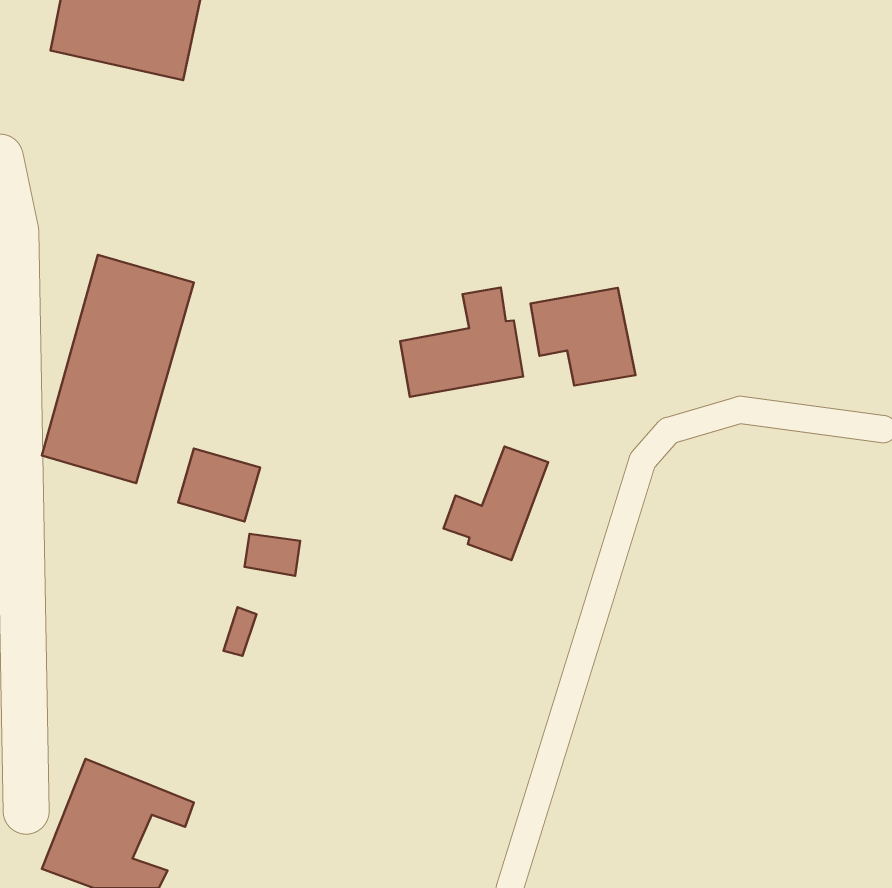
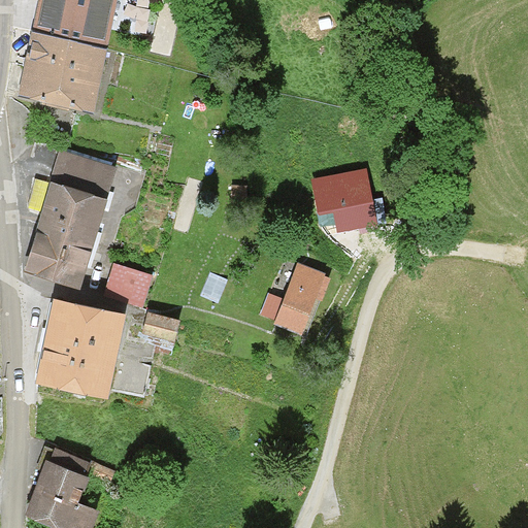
building: none -> [15,30,108,112]
building: [400,288,523,397] -> none
building: none -> [36,303,125,396]

